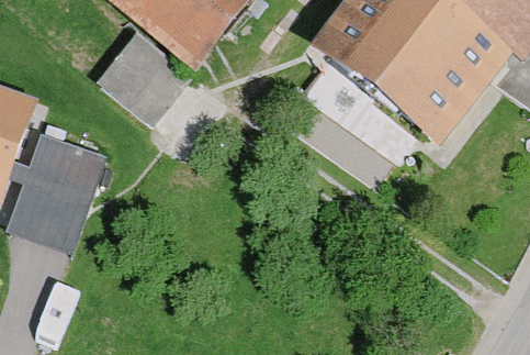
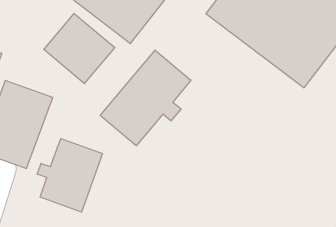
building: none -> [100,50,191,146]
building: none -> [37,139,103,212]

